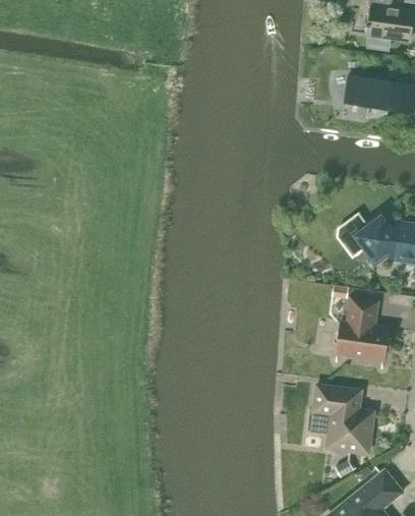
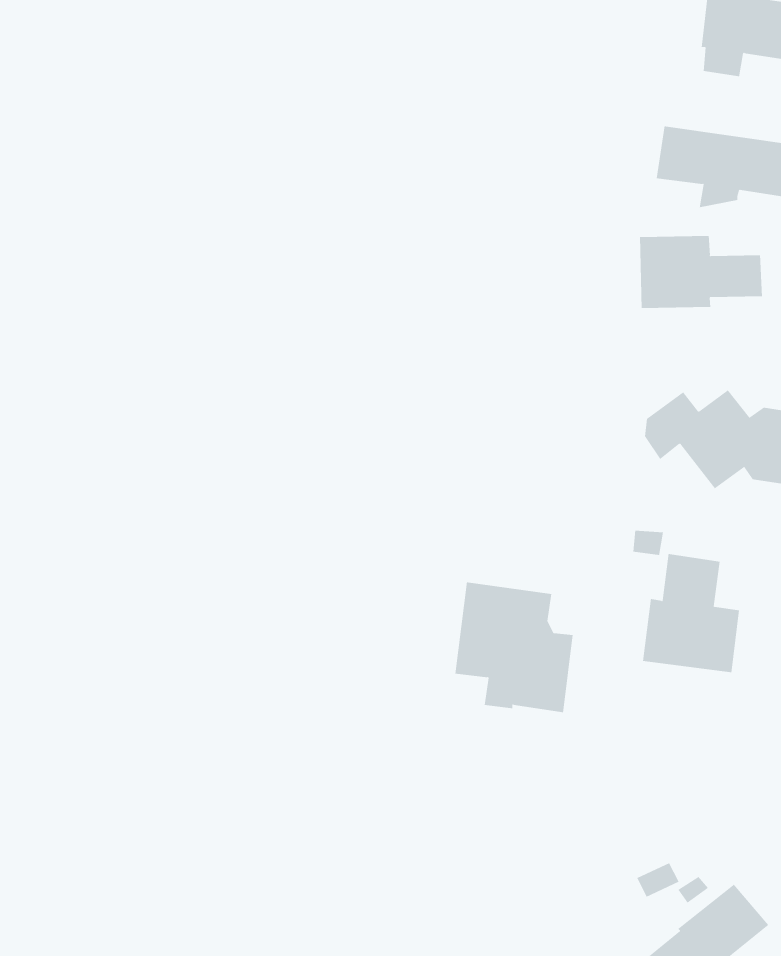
building: none -> [640,235,763,309]
building: [310,385,372,453] -> [454,582,574,713]

